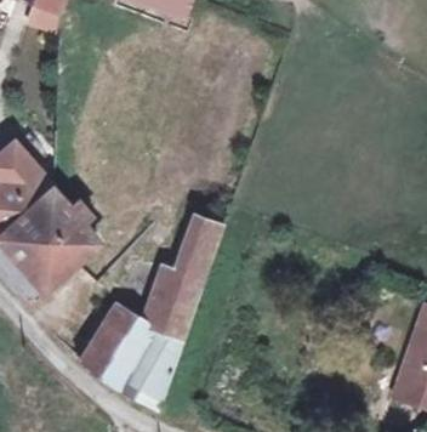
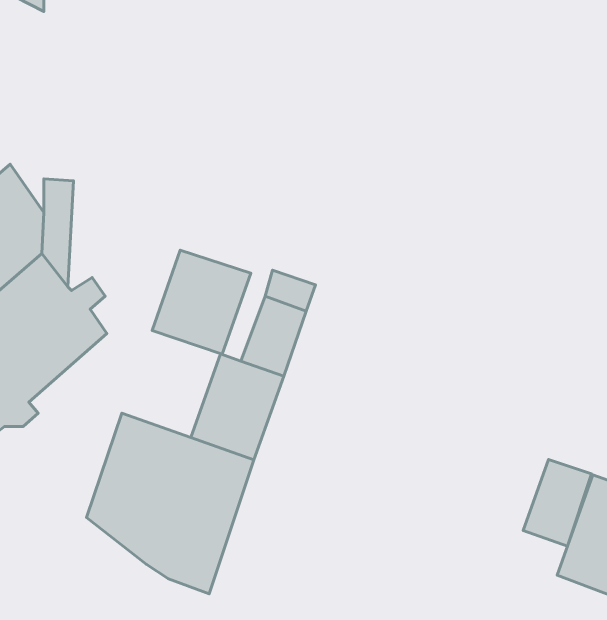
building: none -> [152,250,251,354]
building: none -> [523,460,591,546]

